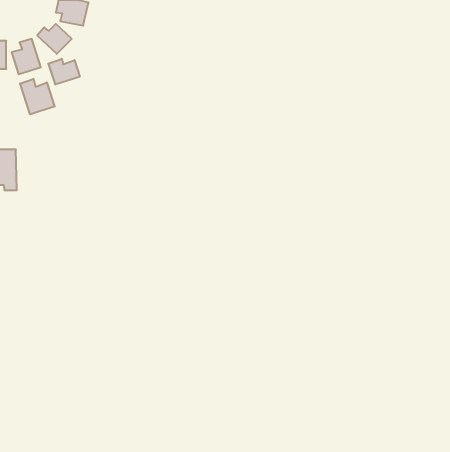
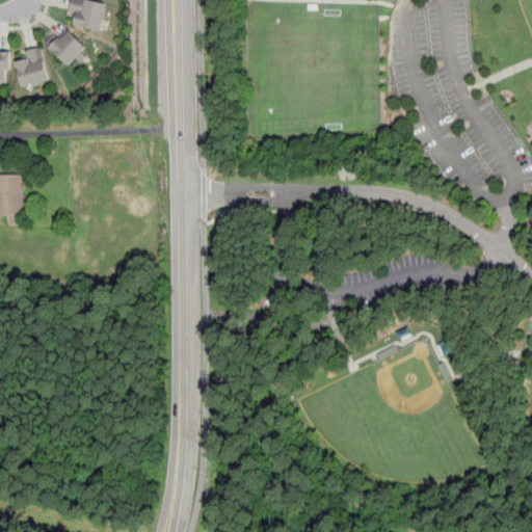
building: [48,59,80,85] -> none
building: [20,79,55,114] -> none

